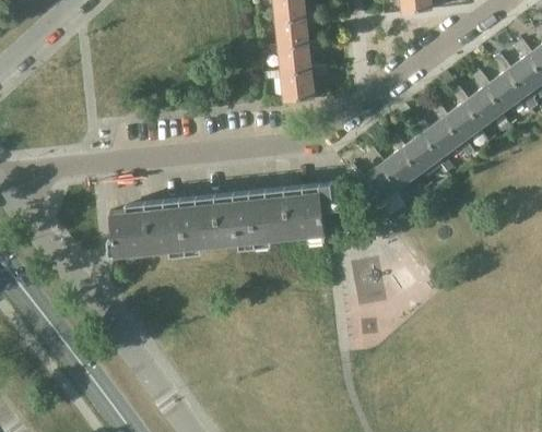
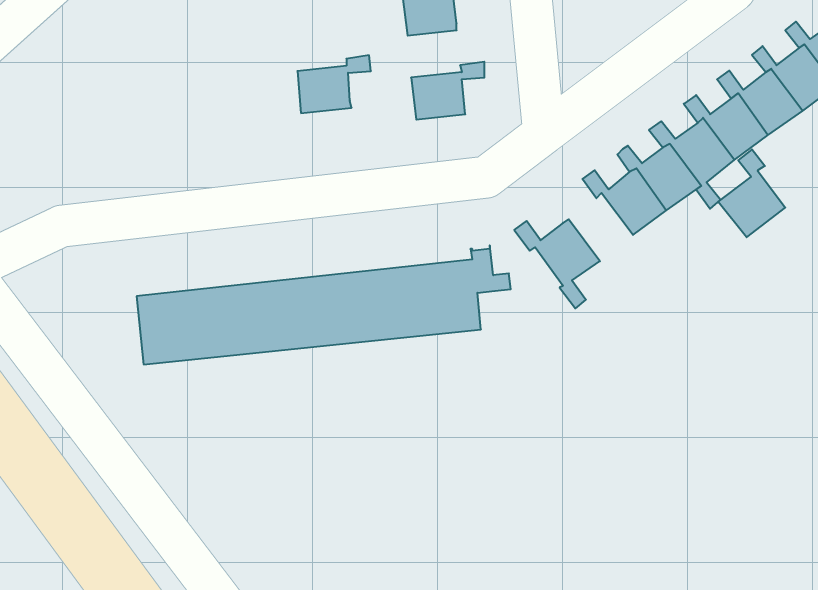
building: [279,40,325,76] -> [297,55,371,113]
building: none -> [718,149,785,237]
building: [367,148,420,191] -> none

